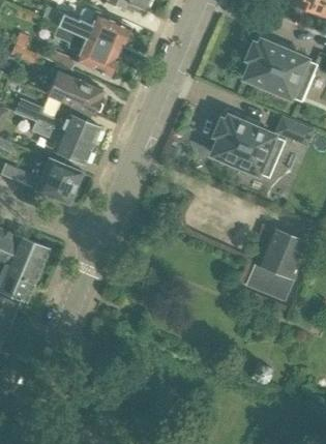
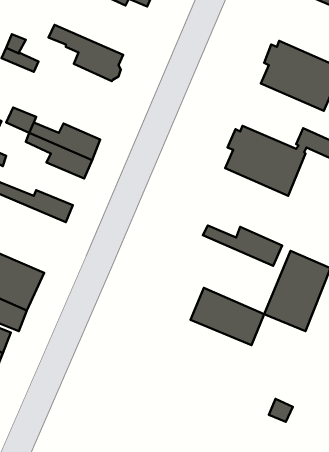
building: [41,6,131,51] -> none
building: [47,69,102,113] -> none
building: [41,157,81,186] -> none
building: none -> [203,225,282,266]
building: none -> [191,288,264,345]

